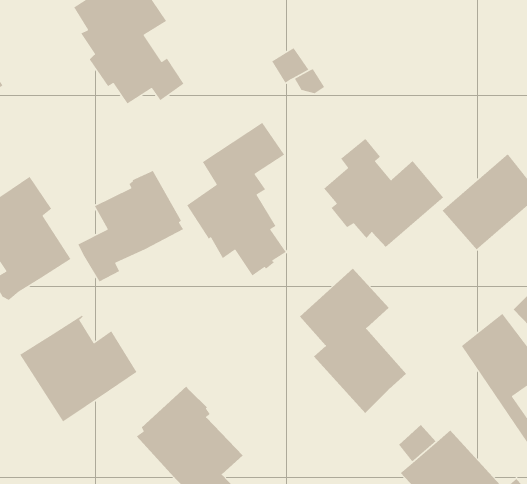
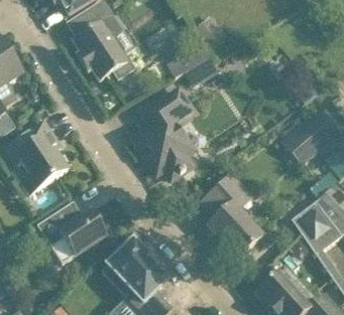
building: [323,138,444,248] -> none
building: [77,170,184,282] -> none

